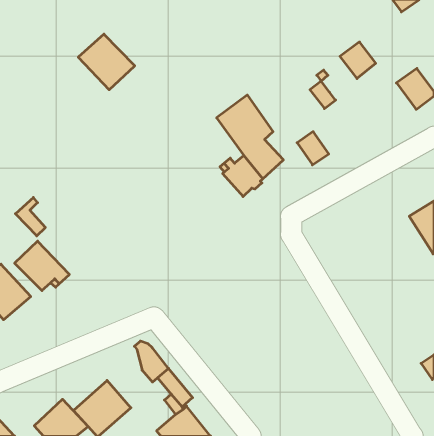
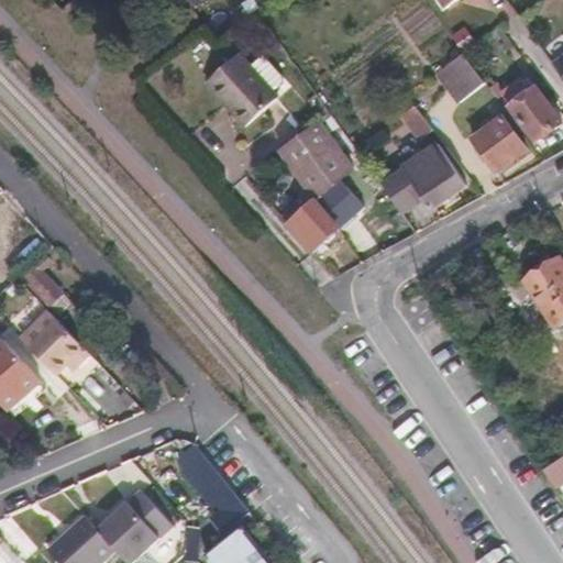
building: [78,34,135,90] -> [205,54,277,125]
building: none -> [472,117,525,169]
building: none -> [400,143,465,209]

